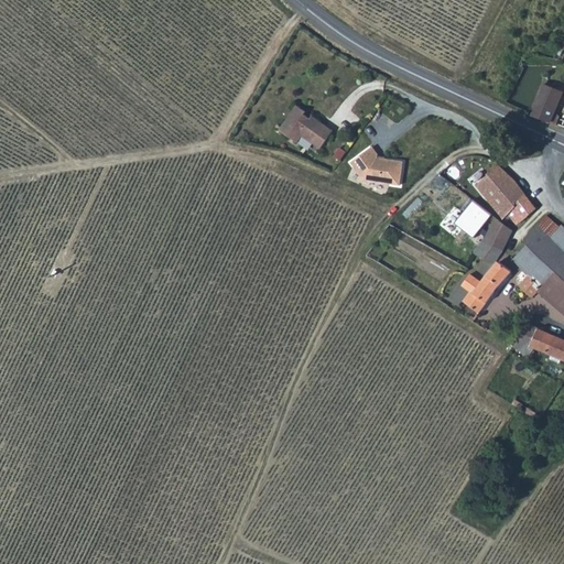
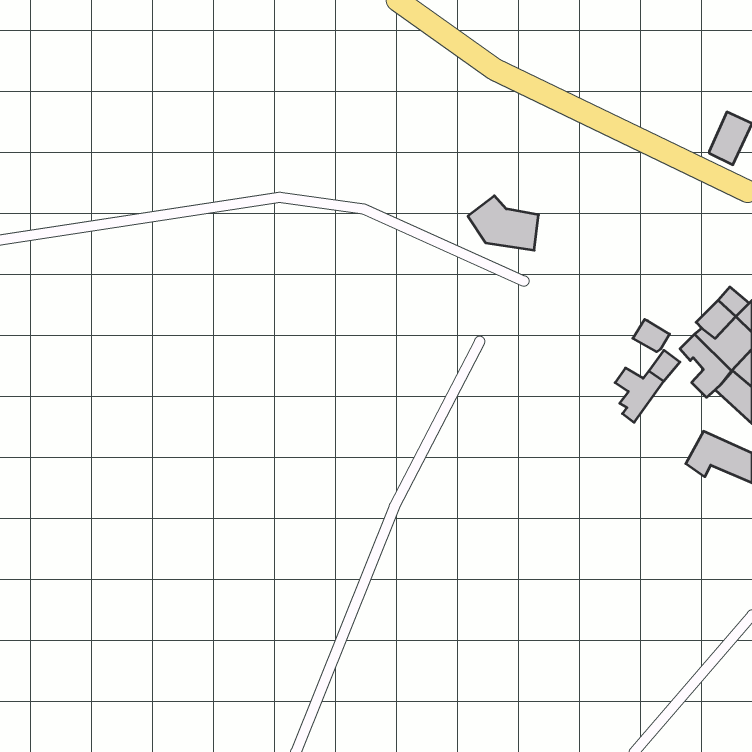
building: [280,106,335,150] -> none
building: [476,163,535,224] -> none
building: [455,200,490,236] -> none
building: [485,217,512,250] -> none

